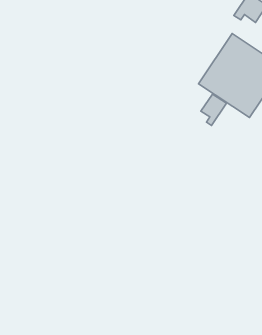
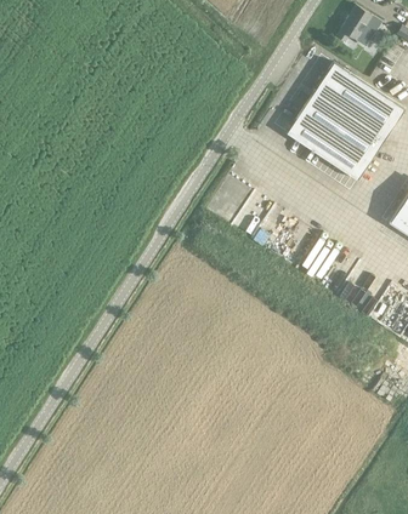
building: [201,94,226,126] -> none

